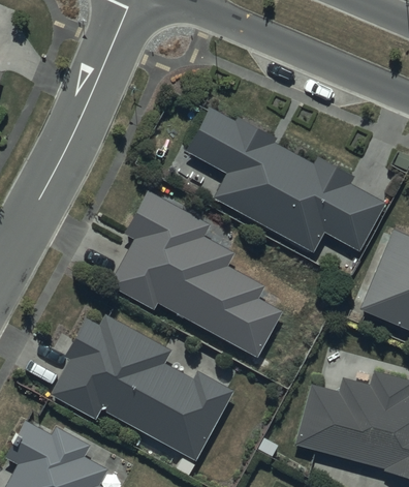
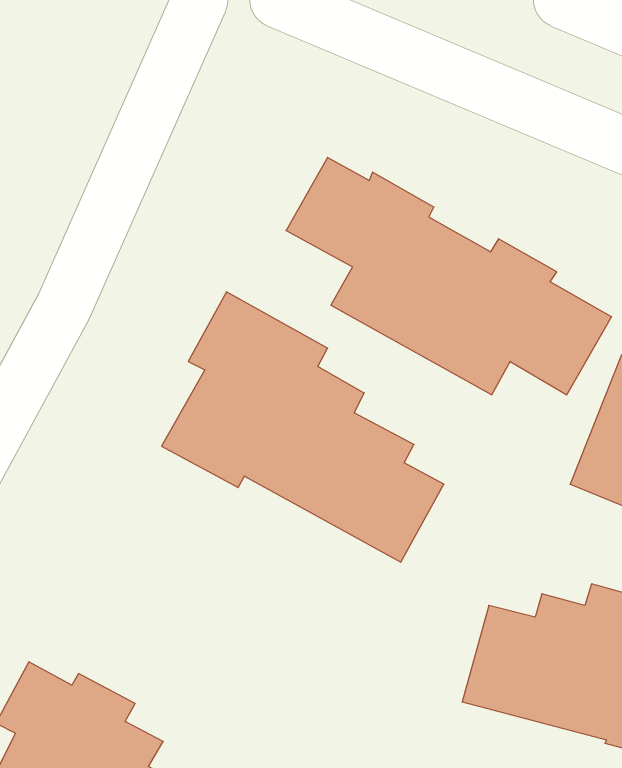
building: [51,314,234,462] -> none

